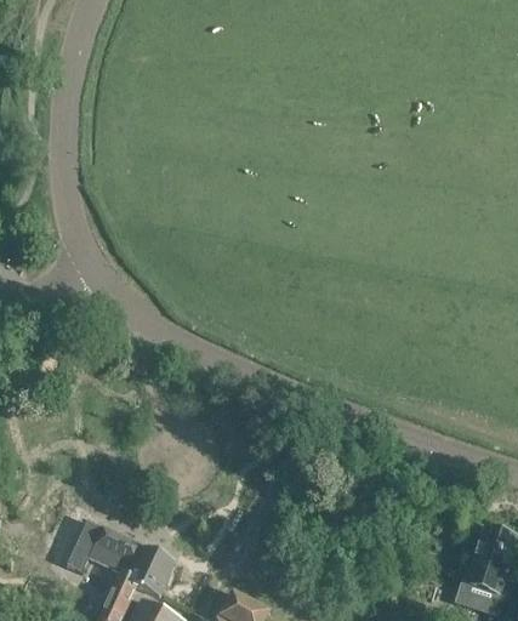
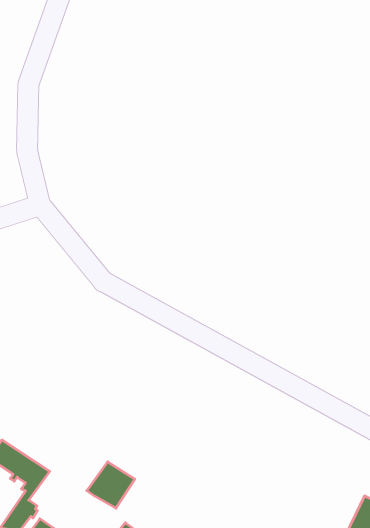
building: [123,552,172,600] -> [87,462,135,508]

